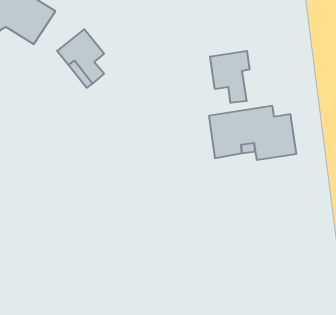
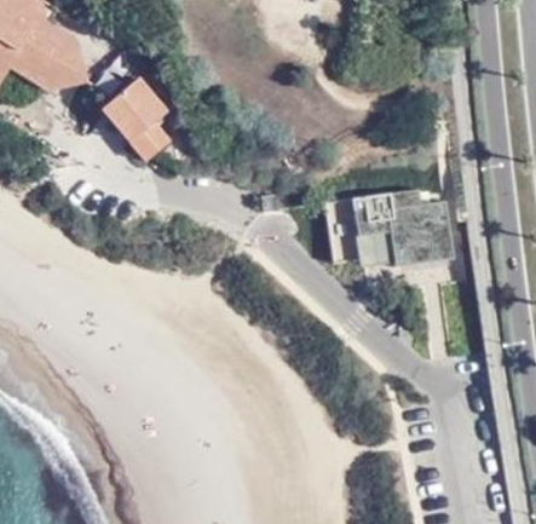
building: [210,51,249,103] -> none

